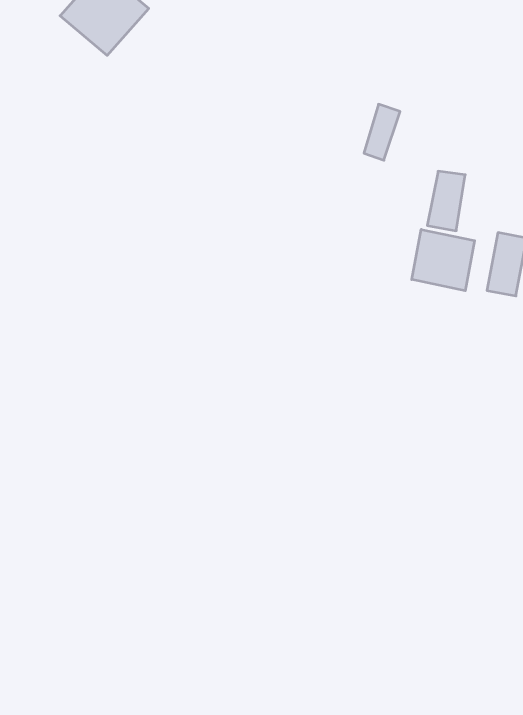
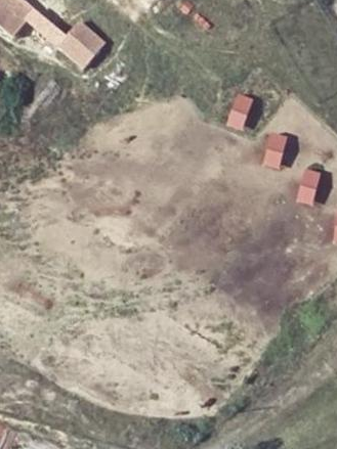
building: [412,229,475,291] -> none

